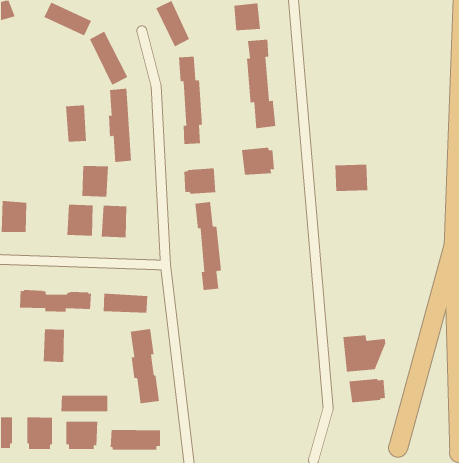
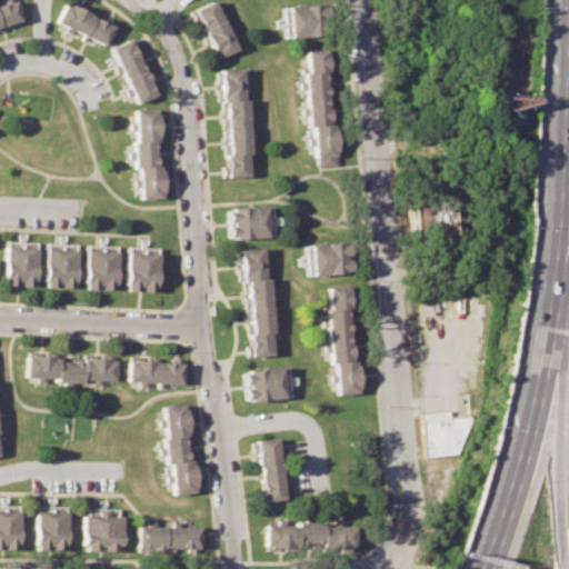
building: [65,104,87,143] -> none
building: [241,147,275,175] -> [313,242,355,277]
building: [82,165,109,197] -> [48,249,81,288]
building: none -> [330,284,367,396]
building: none -> [246,367,286,402]
building: [43,329,65,363] -> none
building: none -> [258,437,289,502]
building: [349,378,386,403] -> none
building: [61,395,108,412] -> none
building: none -> [269,522,357,550]

